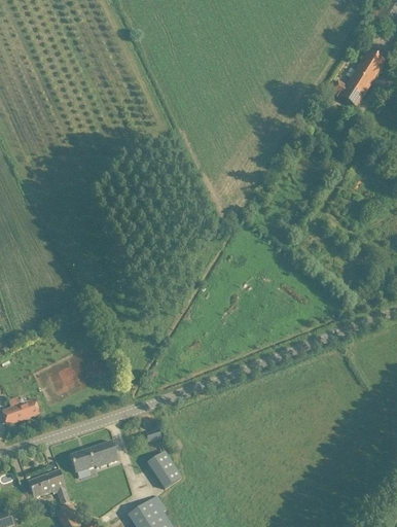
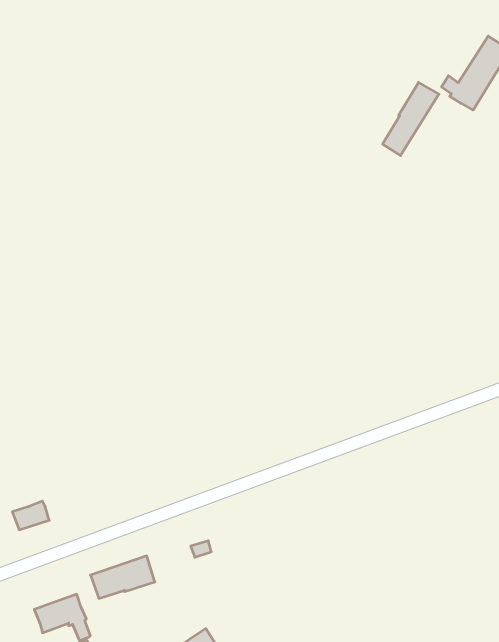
building: none -> [383,82,439,156]
building: [145,449,182,488] -> none

